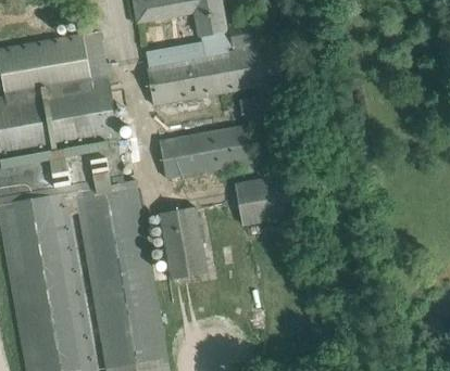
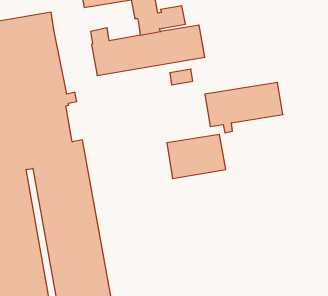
building: [159,125,251,184] -> [205,82,283,133]
building: [158,206,207,279] -> none

